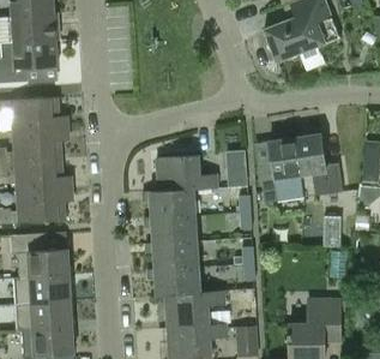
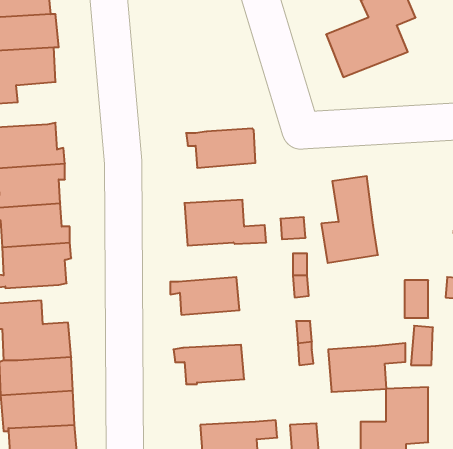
building: [295,133,342,195] -> none
building: [143,187,195,217] -> [186,128,255,168]
building: [146,239,199,268] -> none
building: [165,289,224,327] -> [328,343,405,392]

